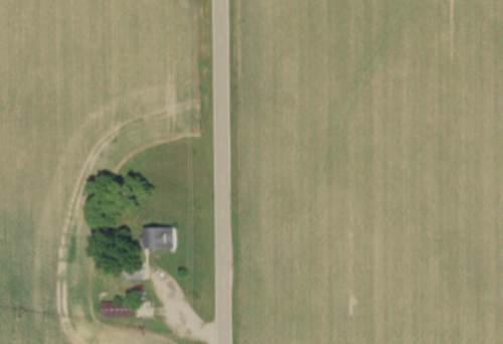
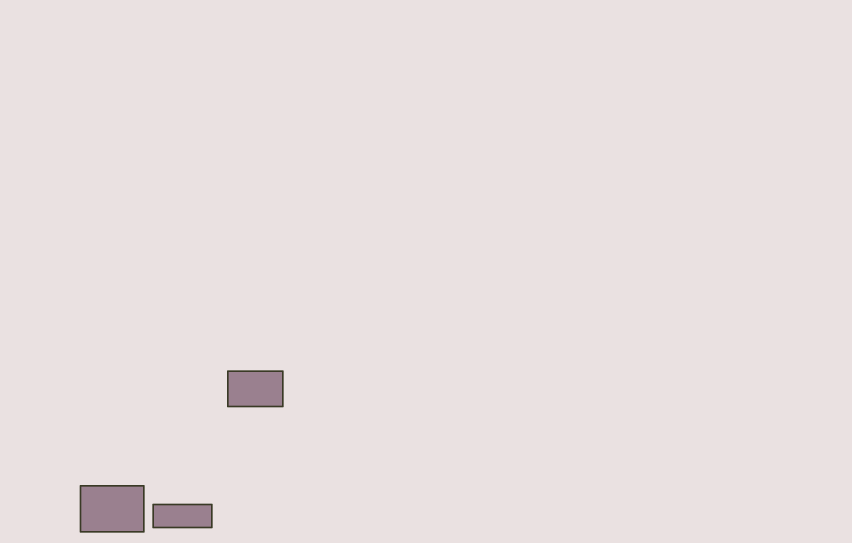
building: none -> [80,486,144,532]

